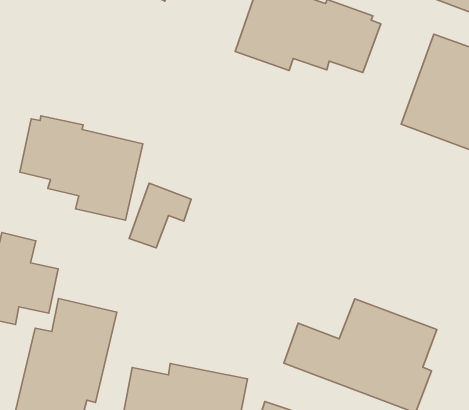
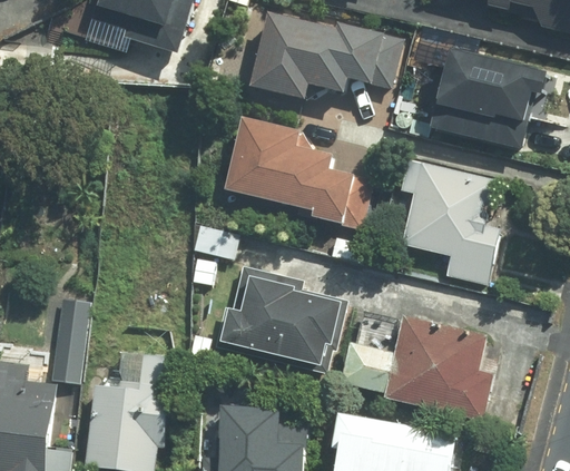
building: none -> [228,114,368,222]
building: [20,116,143,220] -> none
building: none -> [402,161,500,287]
building: none -> [213,269,345,372]

